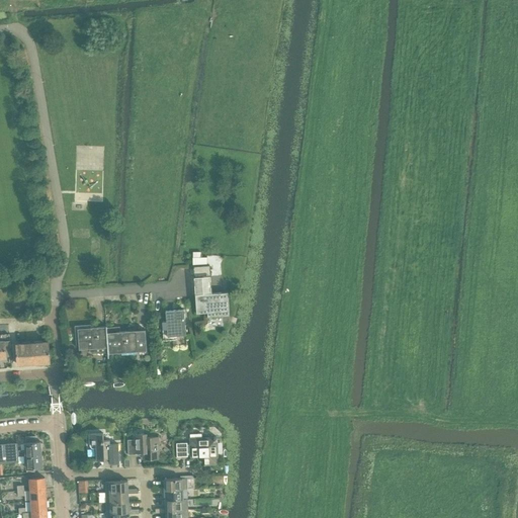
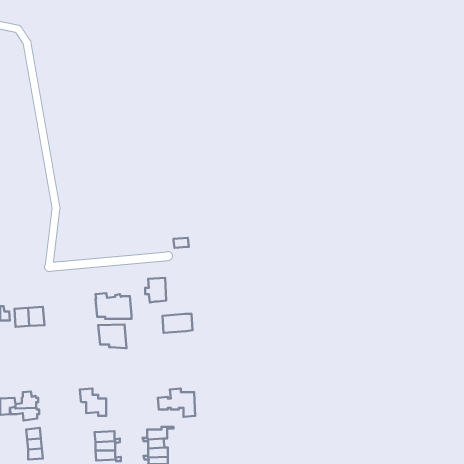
building: [195,292,229,314] -> [163,314,192,333]
building: [77,327,108,353] -> [98,324,126,348]
building: [127,434,159,459] -> none

